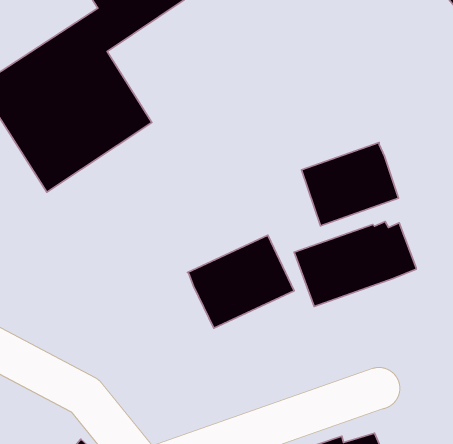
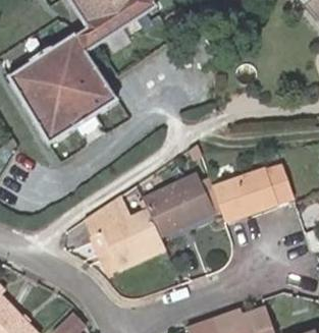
building: [301,142,399,226] -> none
building: none -> [84,193,165,273]

